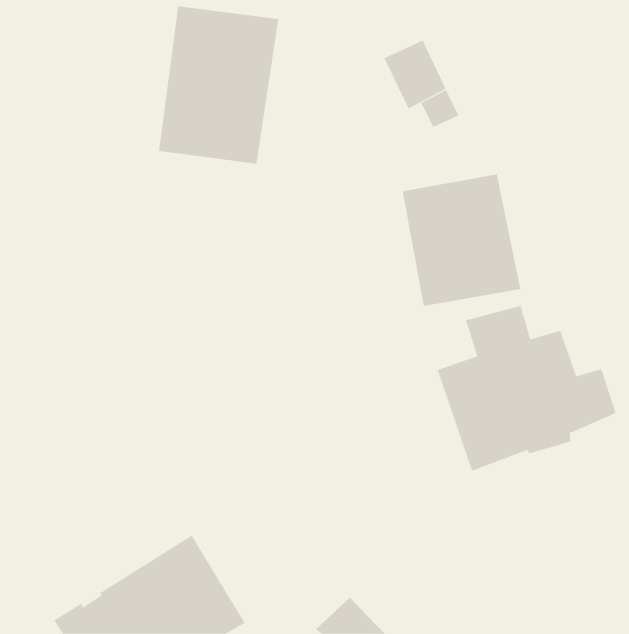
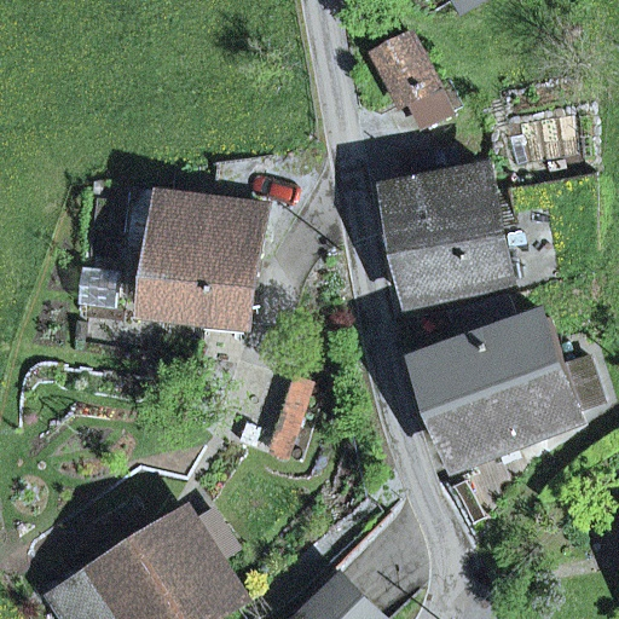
building: [158,6,279,165] -> none
building: none -> [127,191,259,323]

